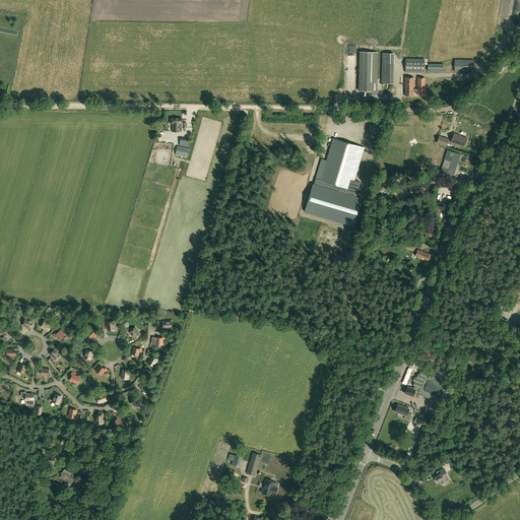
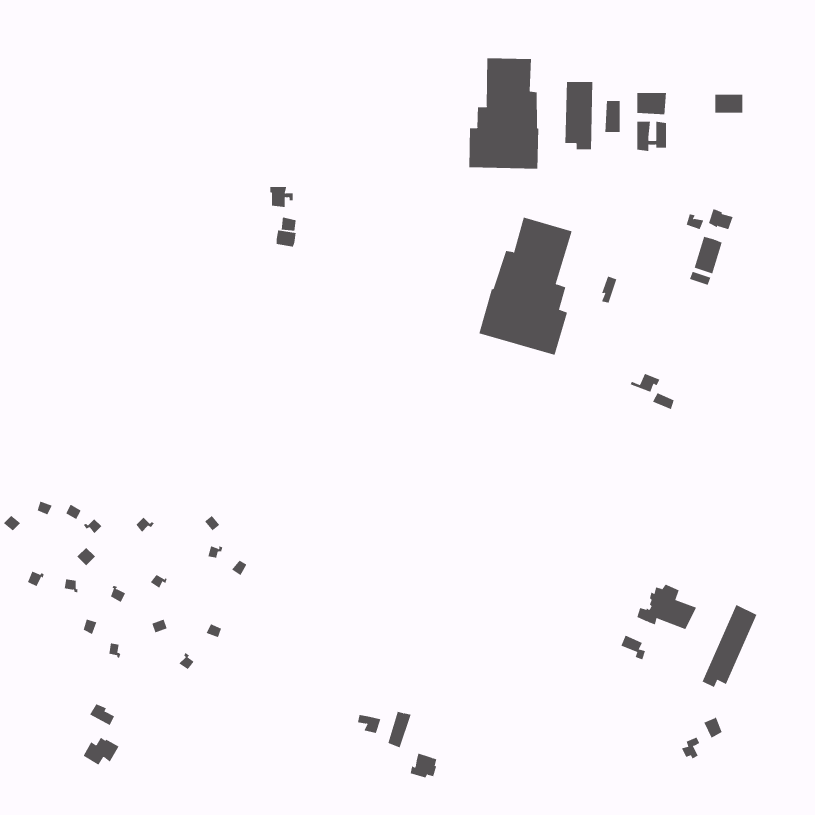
building: none -> [469,57,539,170]
building: none -> [702,604,757,688]

